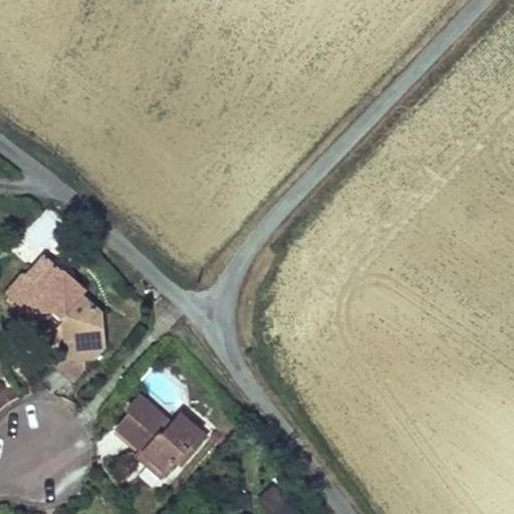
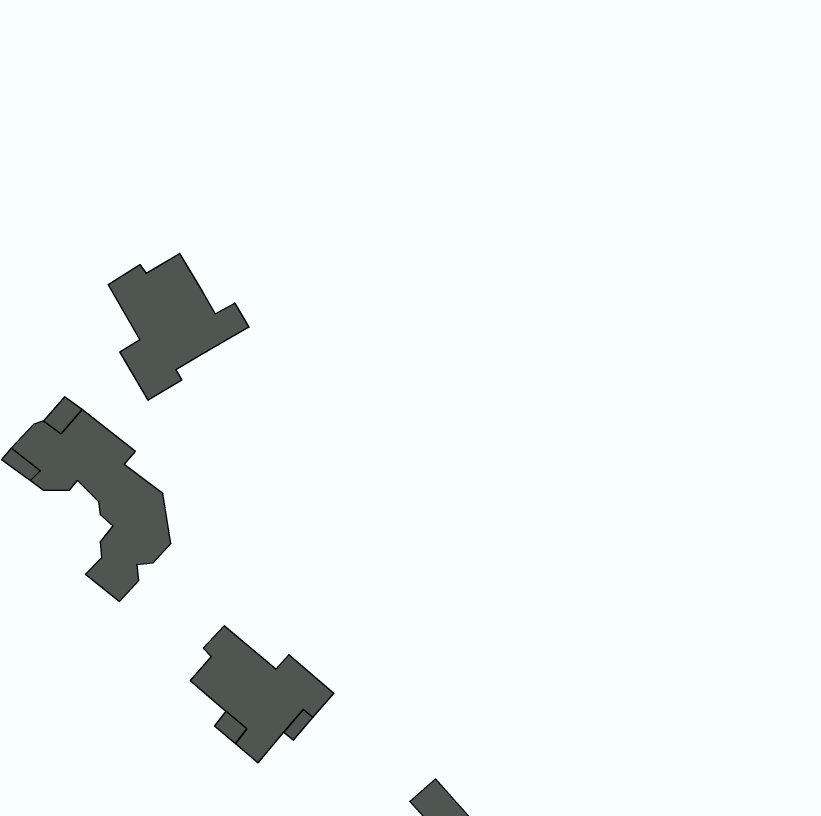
building: none -> [108,253,249,400]

